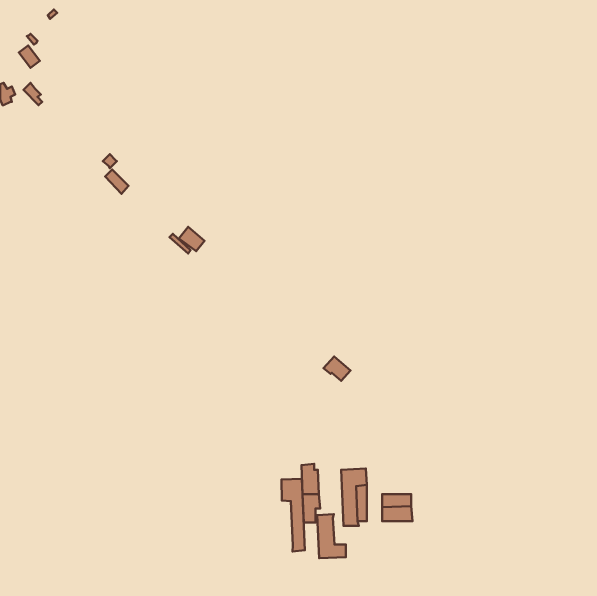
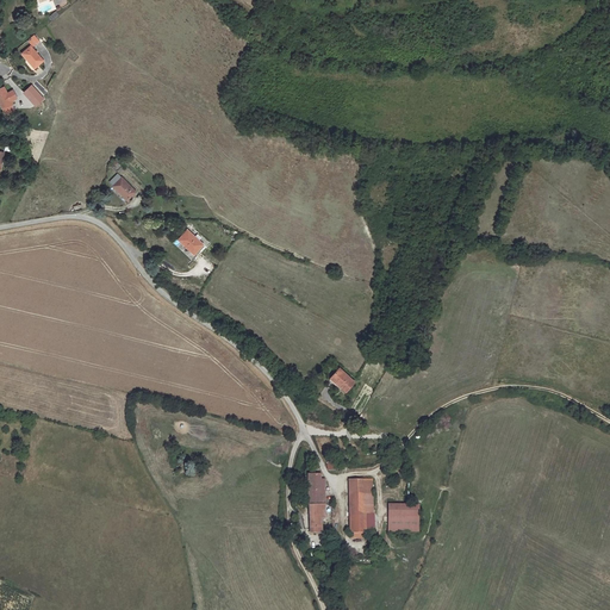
building: [282,479,305,552] -> none
building: [317,514,346,558] -> none

